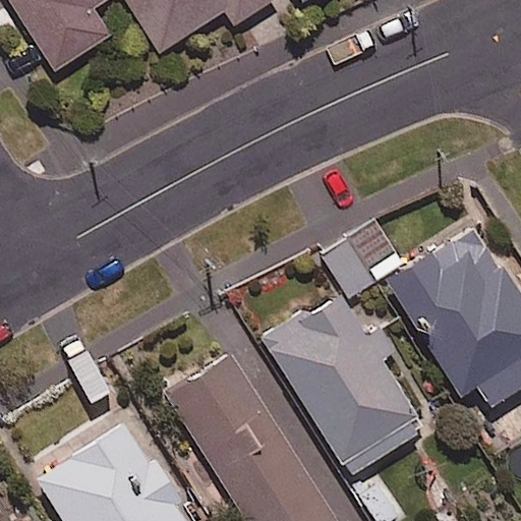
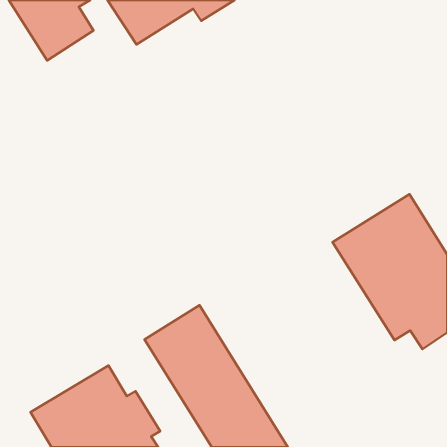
building: [264,294,424,476] -> none

